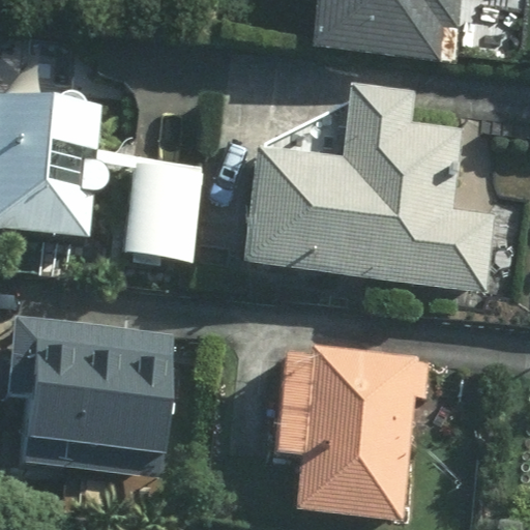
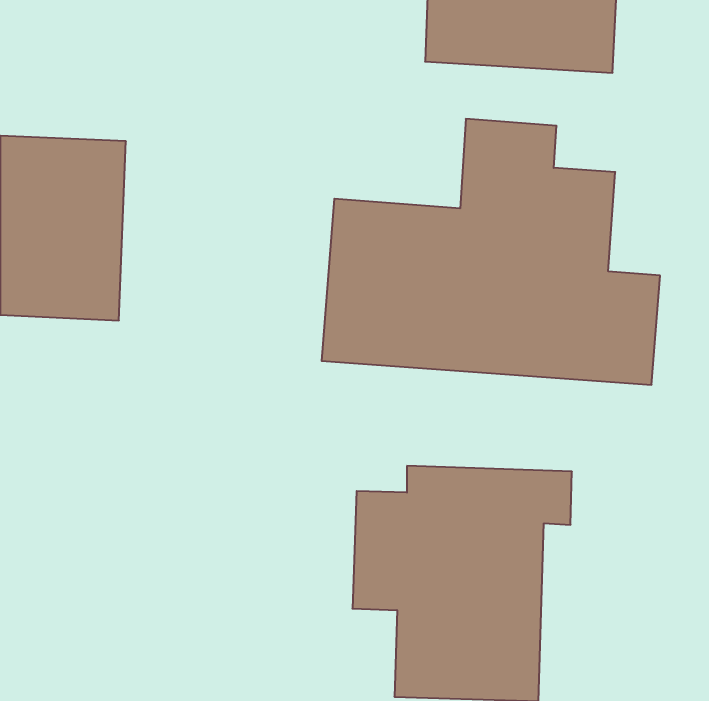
building: [121,152,202,256] -> none
building: [20,328,173,470] -> none

